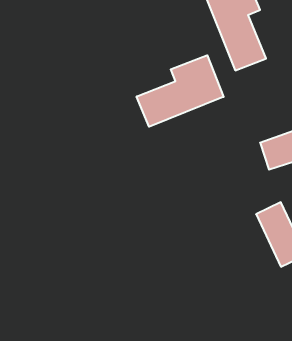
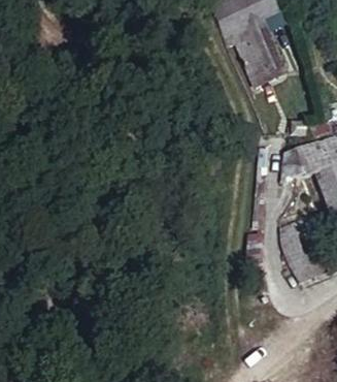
building: [137,55,224,127] -> none

